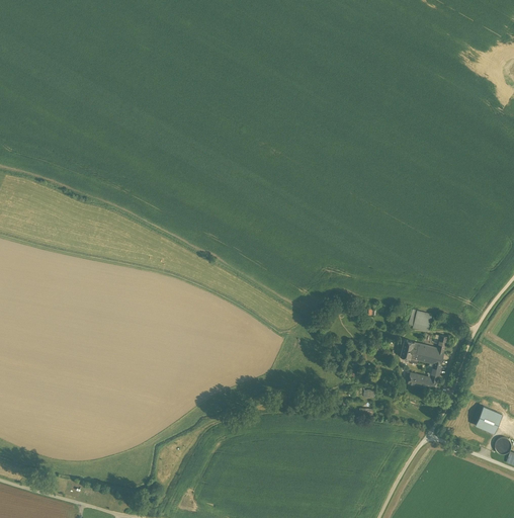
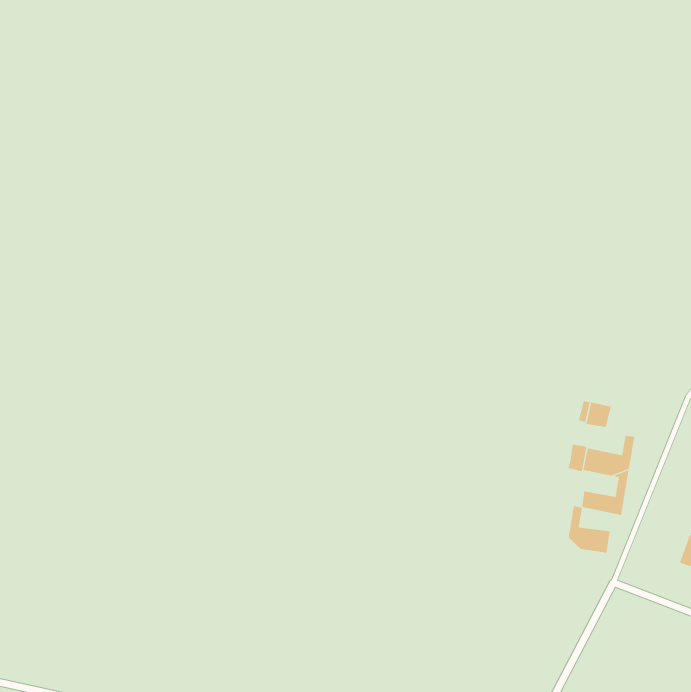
building: none -> [568,505,610,553]

